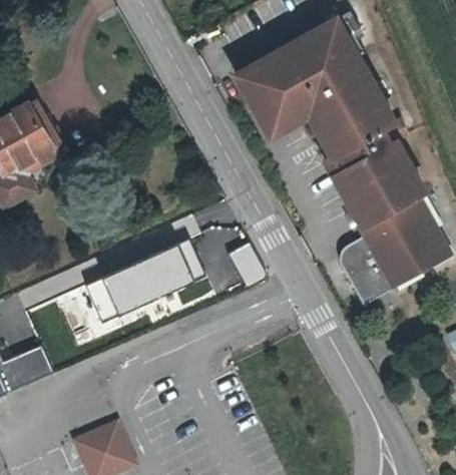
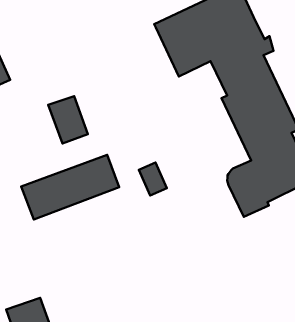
building: none -> [48,96,88,144]

